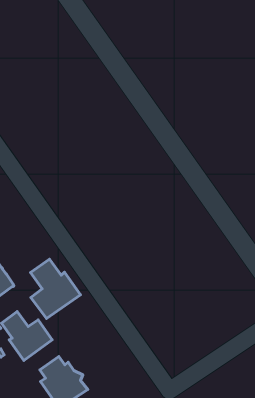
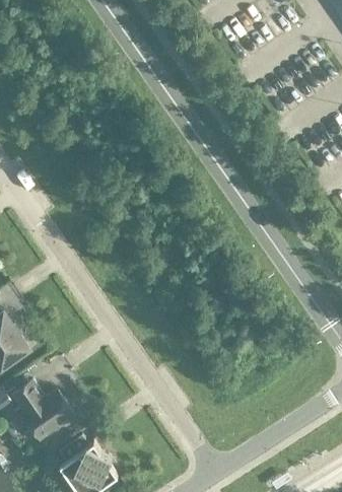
building: [31,259,81,319] -> none

